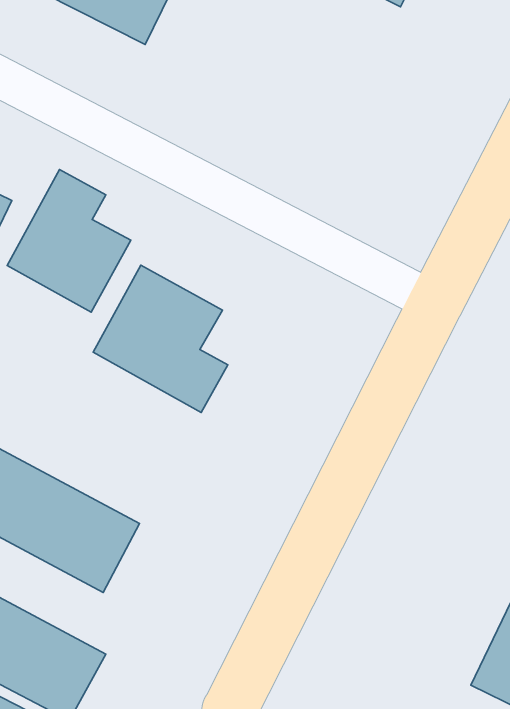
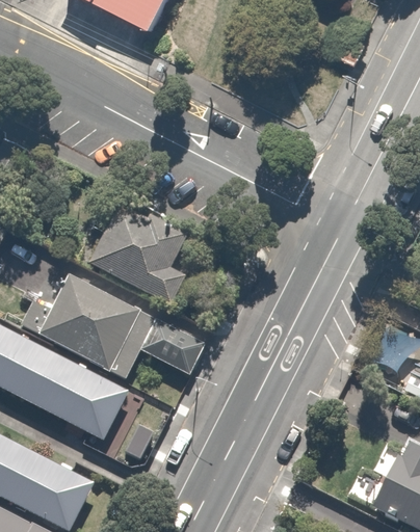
building: [7,169,131,312] -> none
building: none -> [36,269,203,380]

